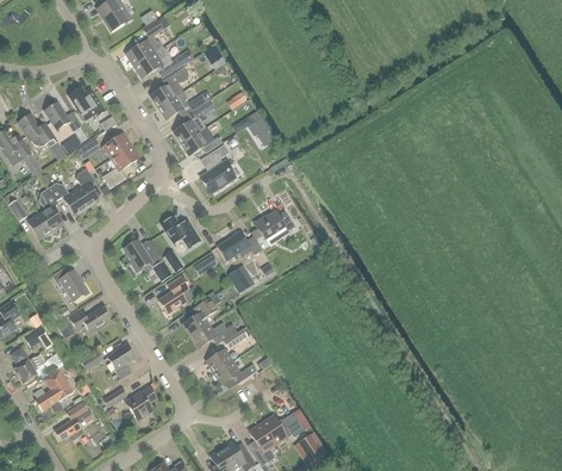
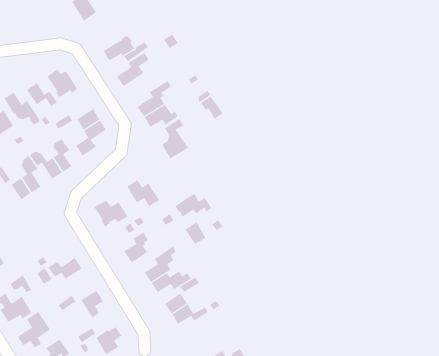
building: [125,18,162,64] -> none
building: [157,89,208,118] -> none
building: [254,209,294,238] -> none
building: [51,266,87,299] -> none

